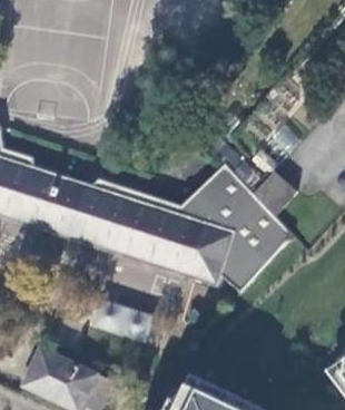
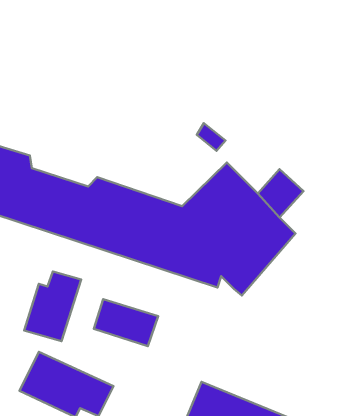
building: none -> [24,271,81,341]

